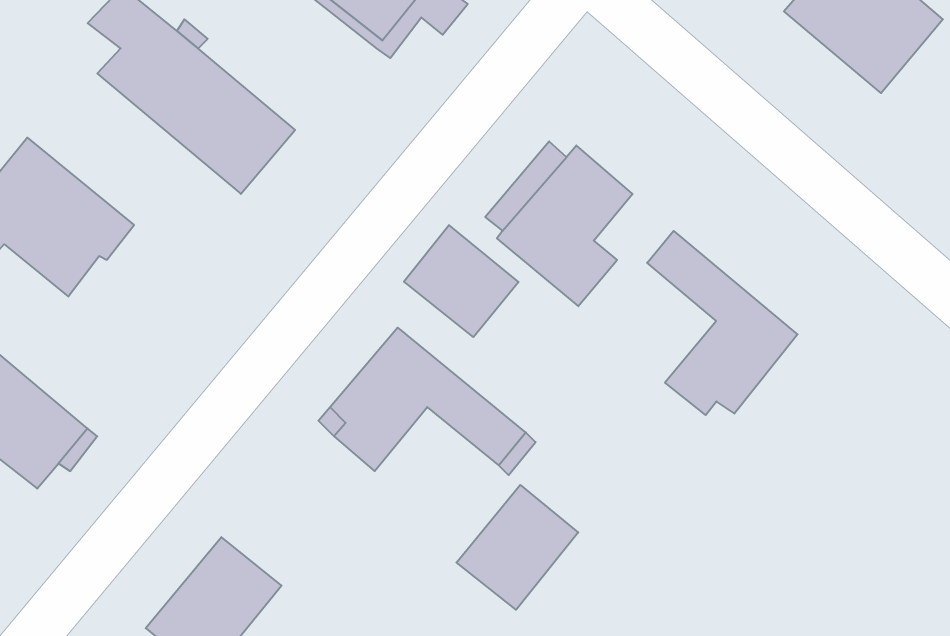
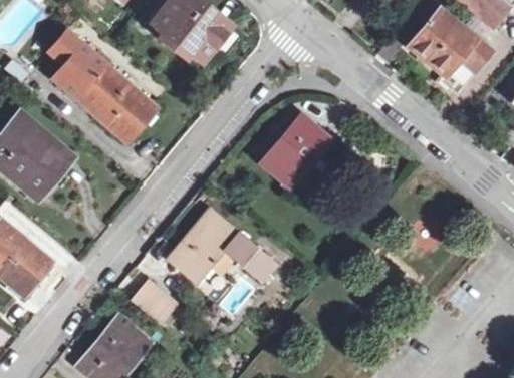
building: [404,225,519,337] -> none
building: [647,231,798,415] -> none
building: none -> [132,282,175,324]
building: [456,485,578,610] -> none

